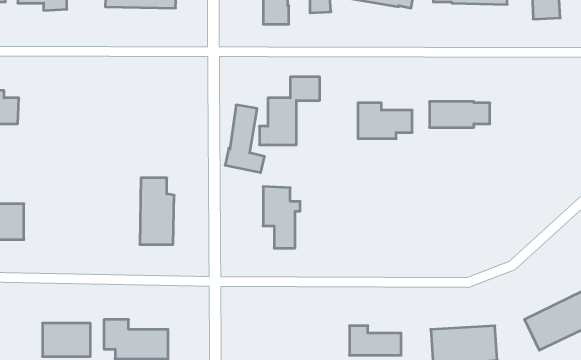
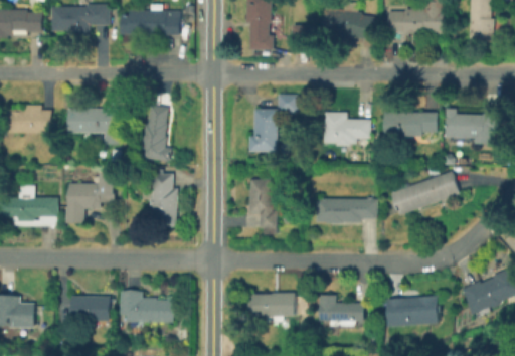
building: none -> [68,106,116,145]
building: none -> [447,114,498,145]
building: [225,105,265,173] -> [139,105,171,160]
building: none -> [393,172,459,216]
building: none -> [66,173,114,223]
building: none -> [315,199,375,222]
building: none -> [249,293,295,318]

